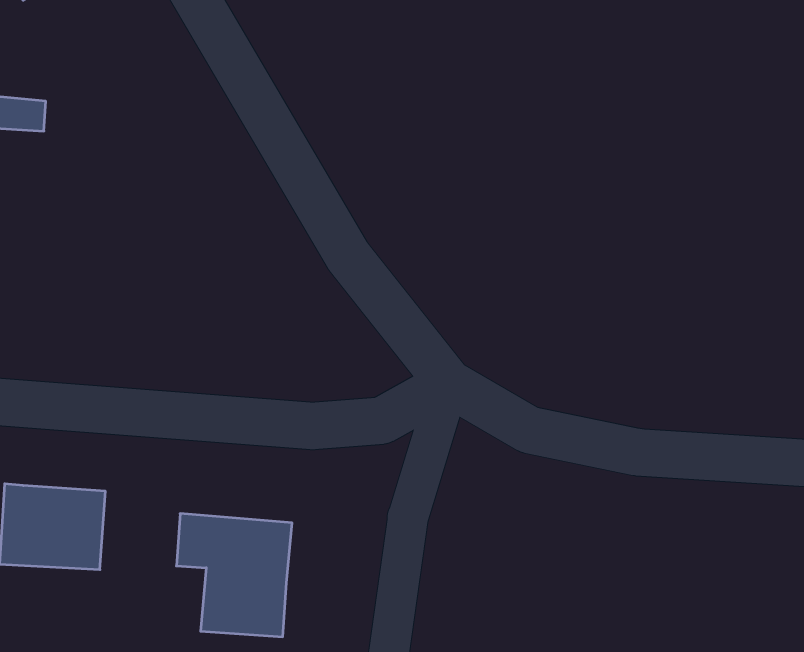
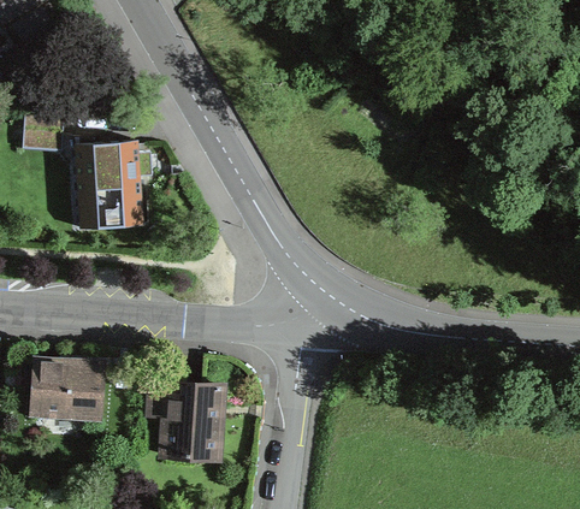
building: none -> [73,142,141,230]

